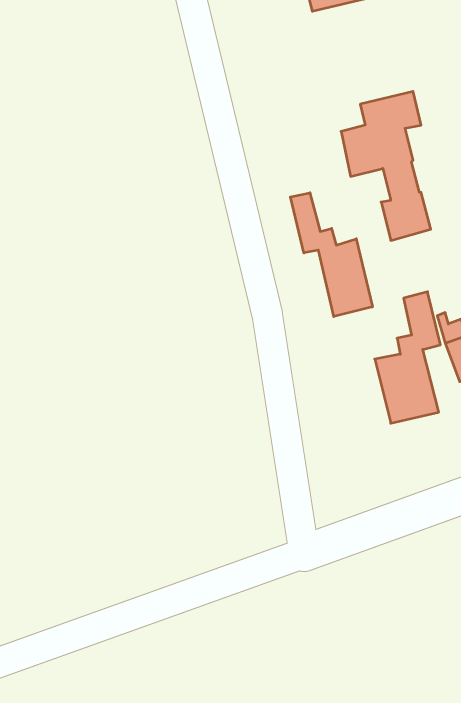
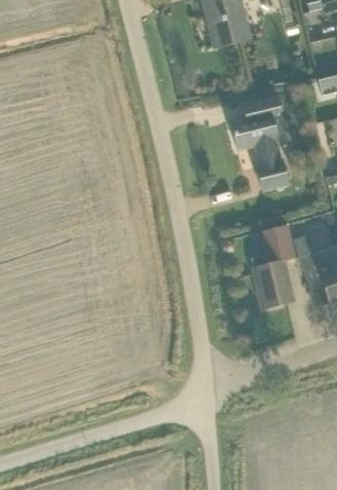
building: [290,193,372,317] -> none

